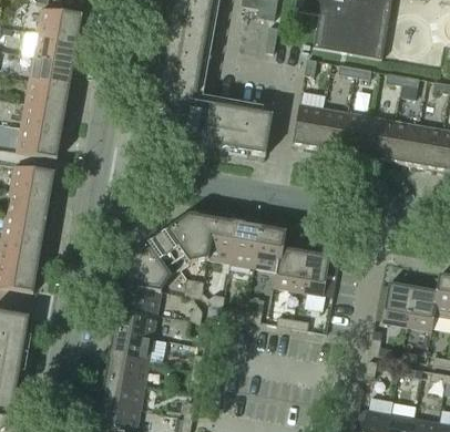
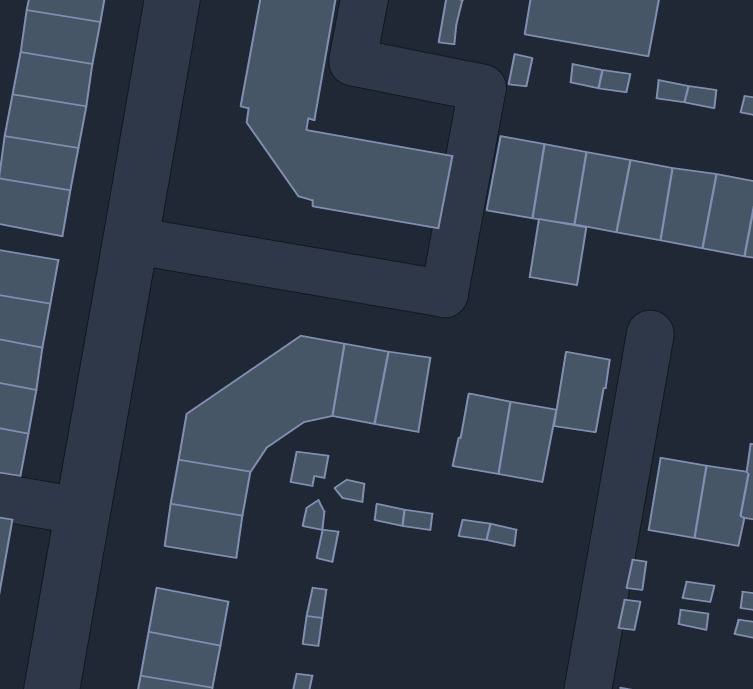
building: none -> [530,219,586,285]
building: [254,226,285,270] -> [554,352,610,432]
building: [109,330,153,361] -> none

